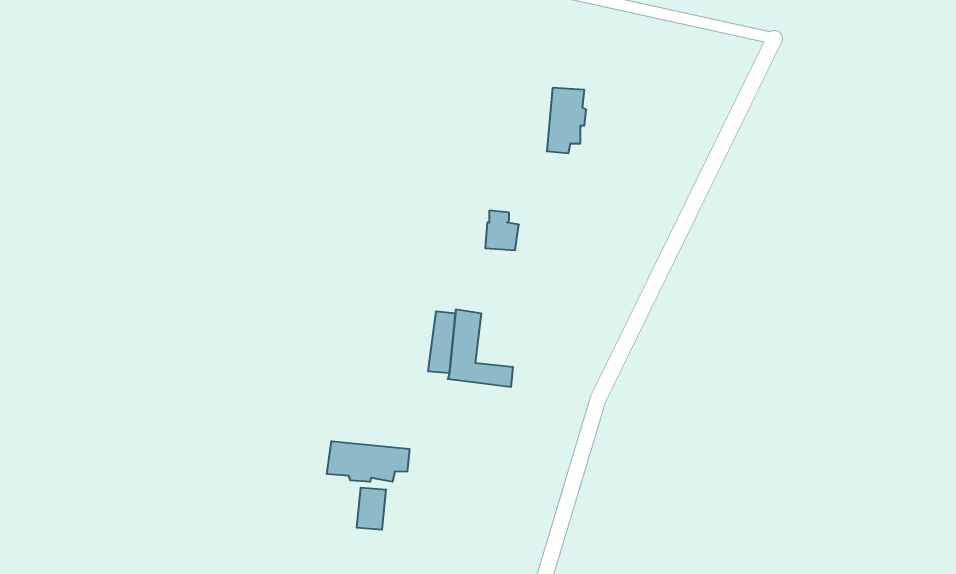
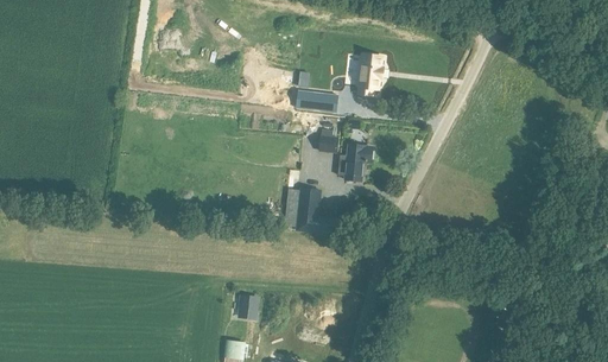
building: none -> [296,90,337,112]
building: none -> [337,146,372,180]
building: [327,441,409,482] -> none

